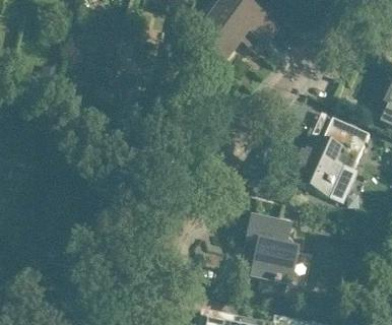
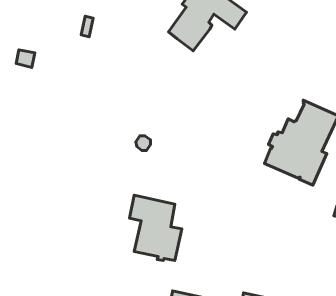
building: [243,214,297,281] -> [129,195,182,261]

